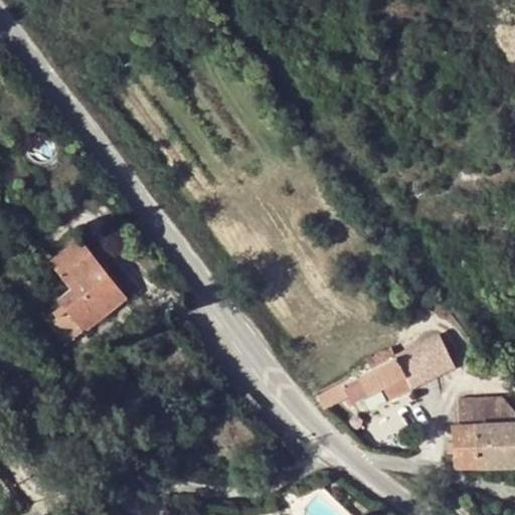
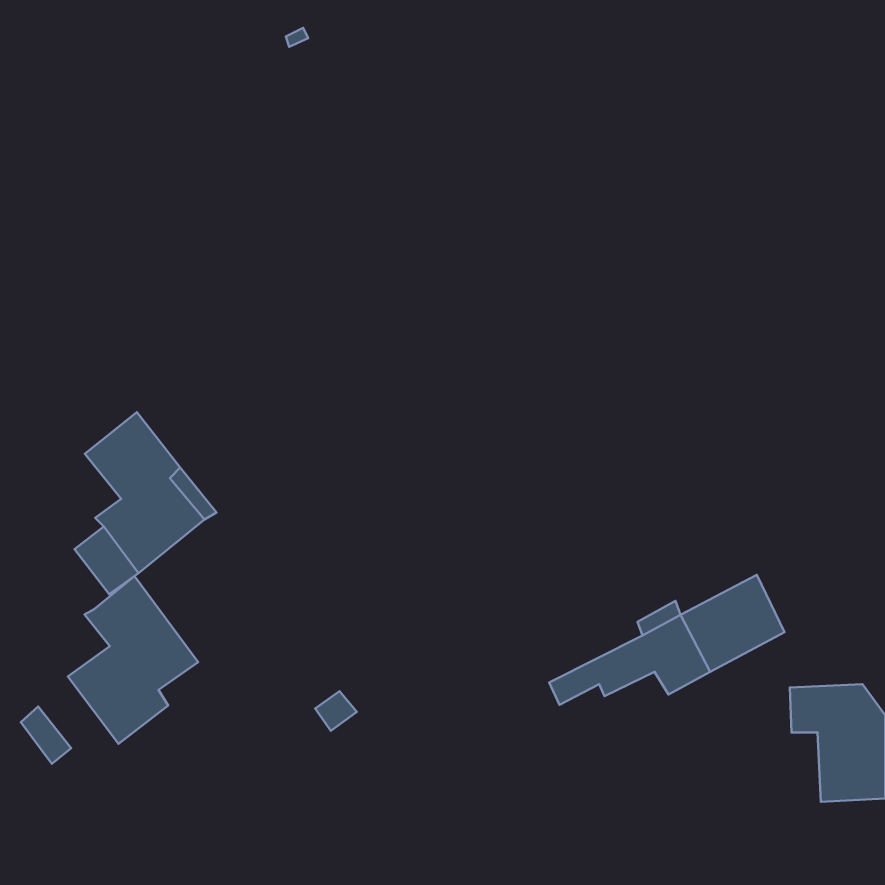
building: none -> [68,576,198,744]
building: [452,425,477,467] -> none

